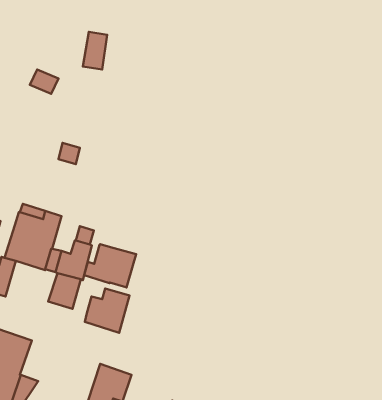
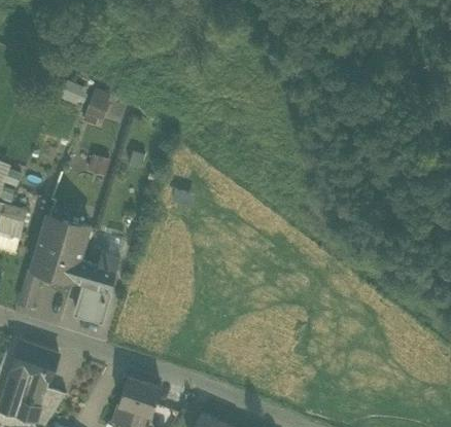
building: [83,32,107,69] -> [81,88,106,127]
building: [84,244,136,288] -> none
building: [85,289,130,333] -> none

